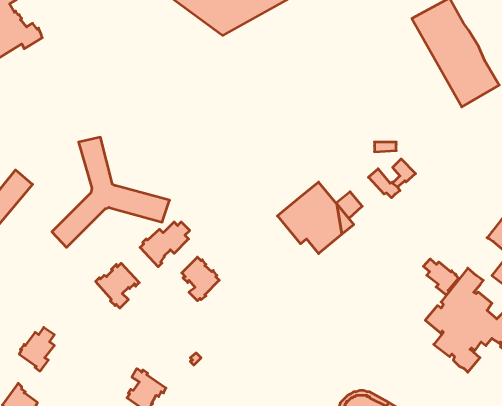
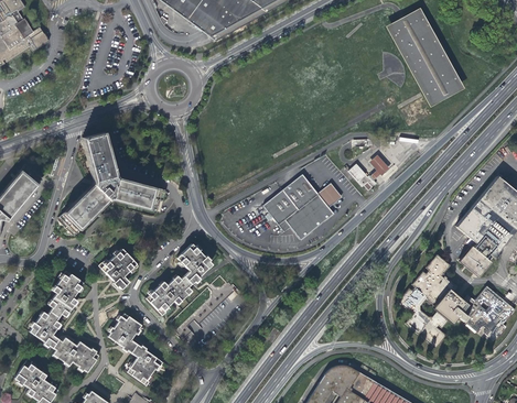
building: [140,222,190,267] -> [147,274,192,315]
building: [423,259,458,295] -> none
building: none -> [49,270,83,316]
building: none -> [108,313,141,351]
building: none -> [50,336,99,371]

